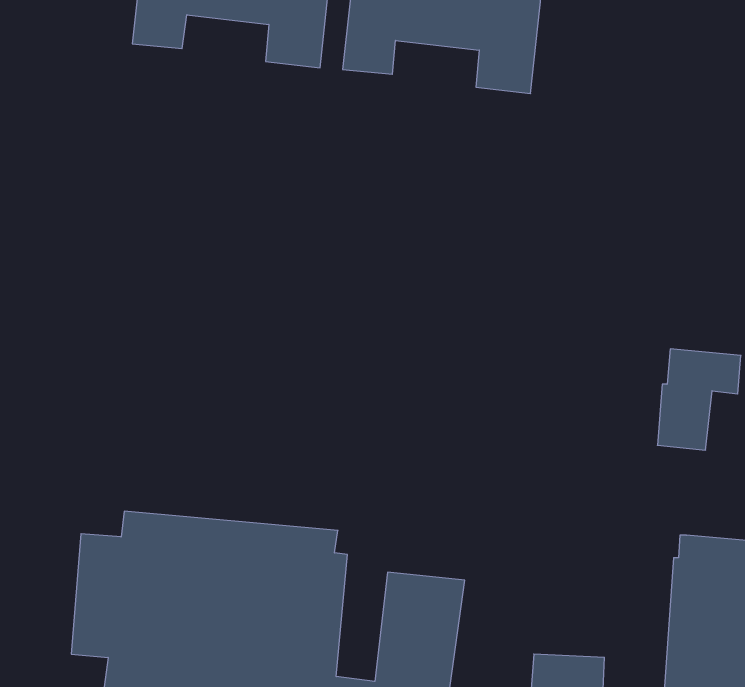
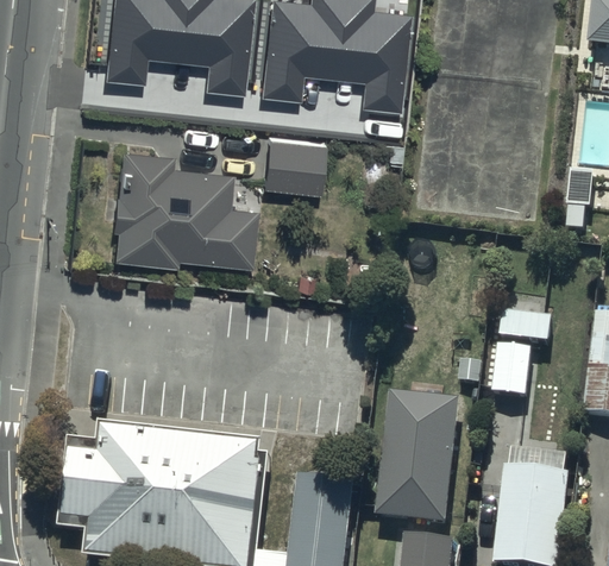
building: none -> [262,140,324,196]
building: none -> [112,153,258,270]
building: none -> [377,377,463,518]

